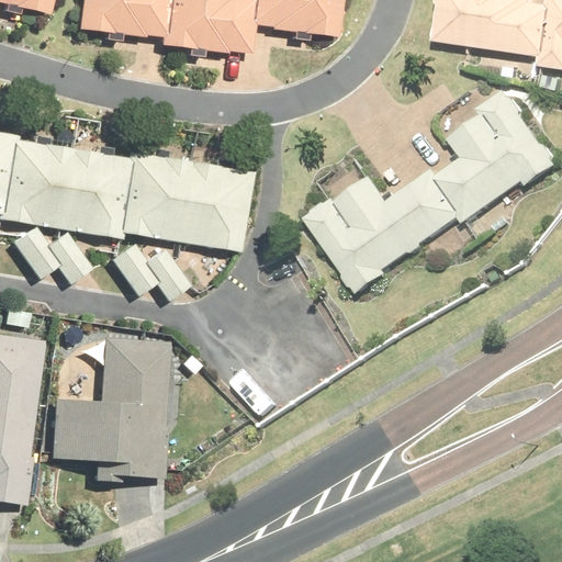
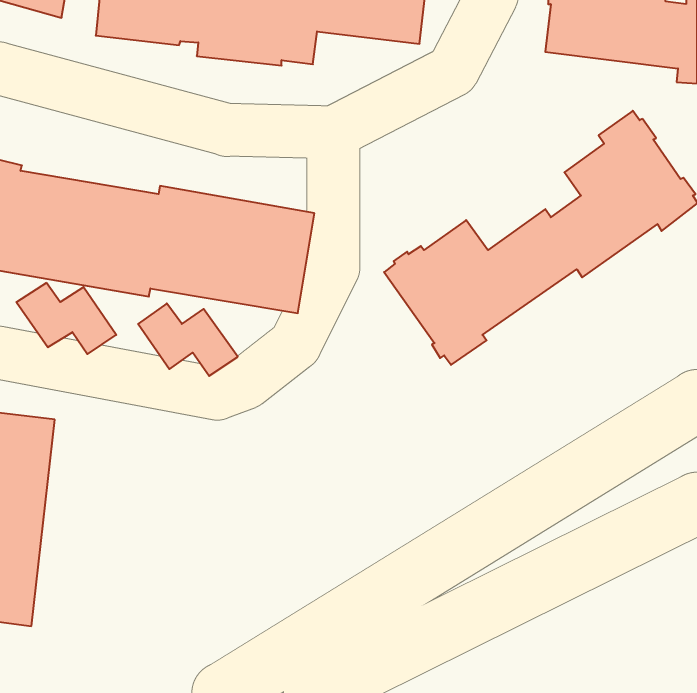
building: [48,333,167,479] -> none

